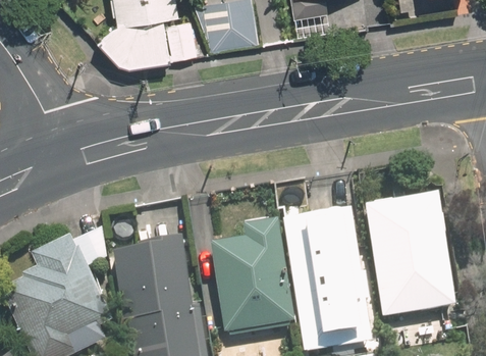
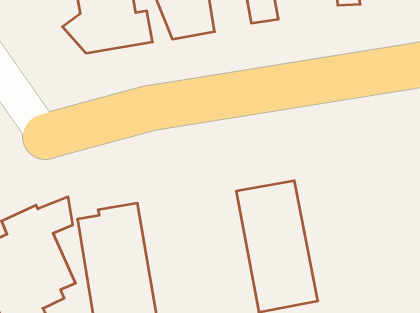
building: [364,188,455,314] -> none
building: [210,217,292,333] -> none

